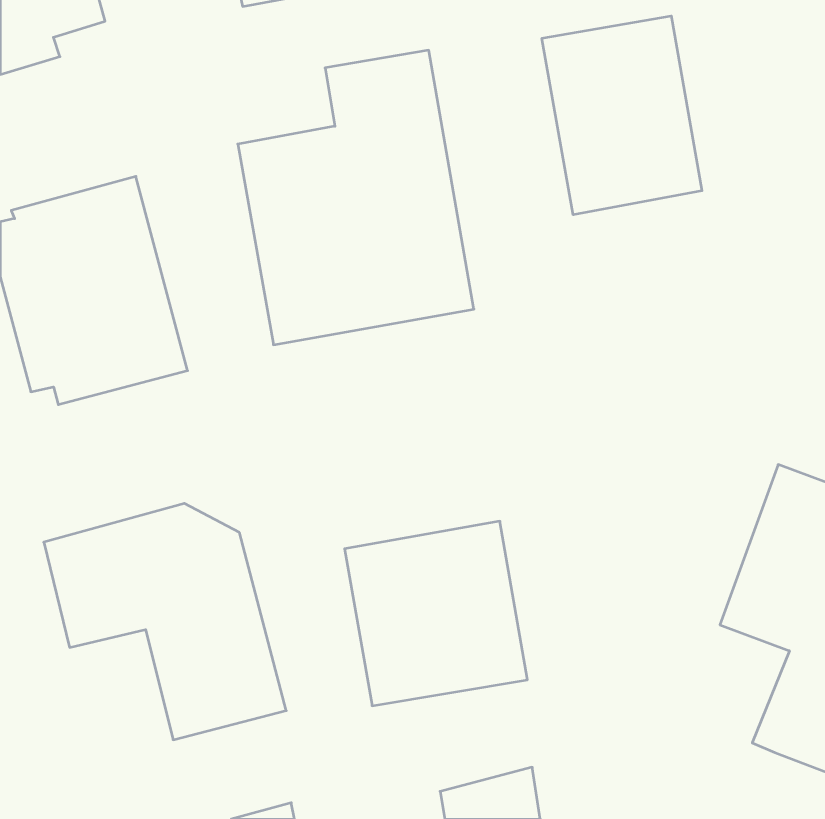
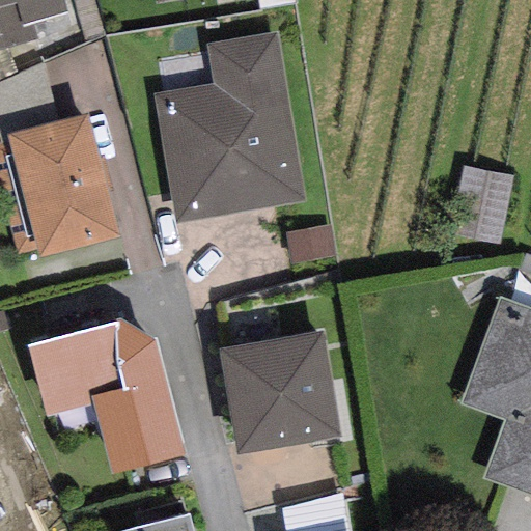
building: [542,16,702,215] -> none
building: none -> [449,165,510,241]

